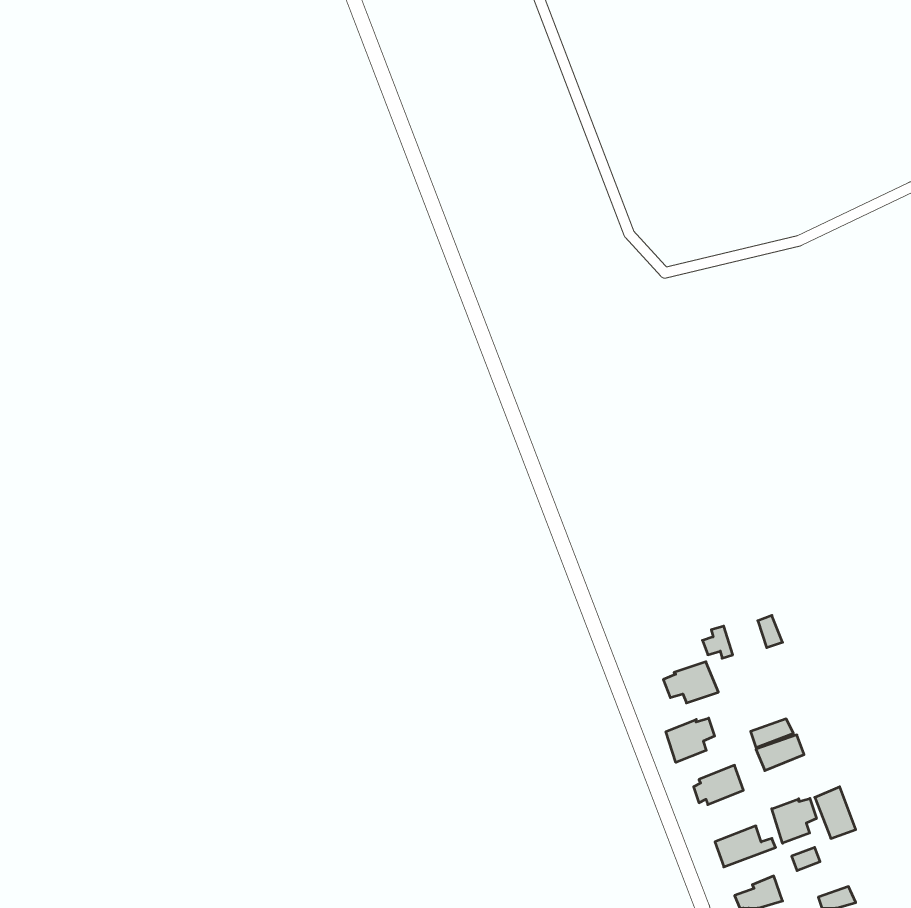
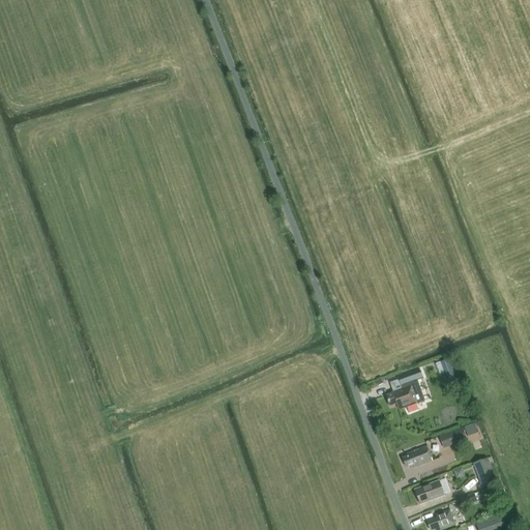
building: [666,718,715,762] -> none
building: [772,798,816,843] -> none

